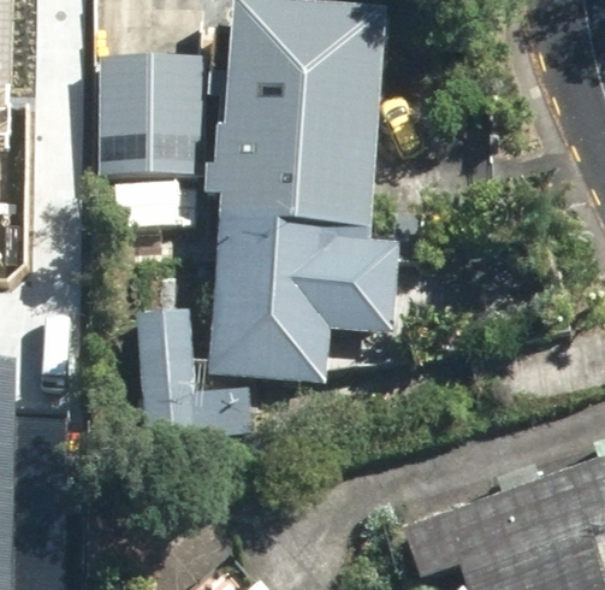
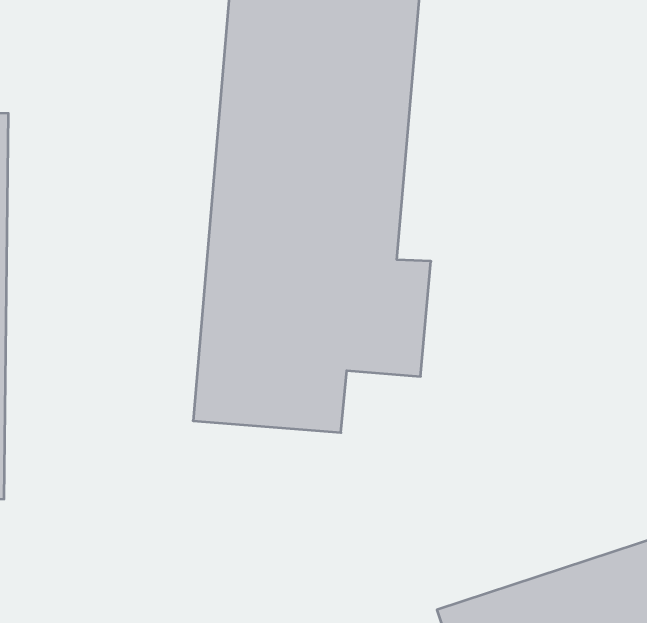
building: [97,54,201,173] -> none
building: [134,312,250,452] -> none

